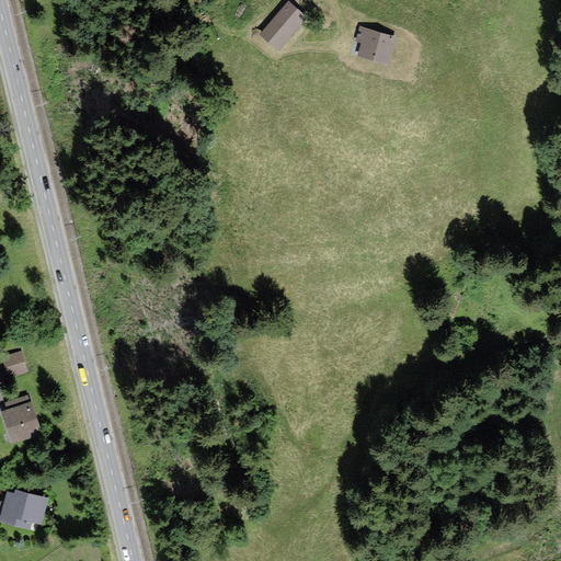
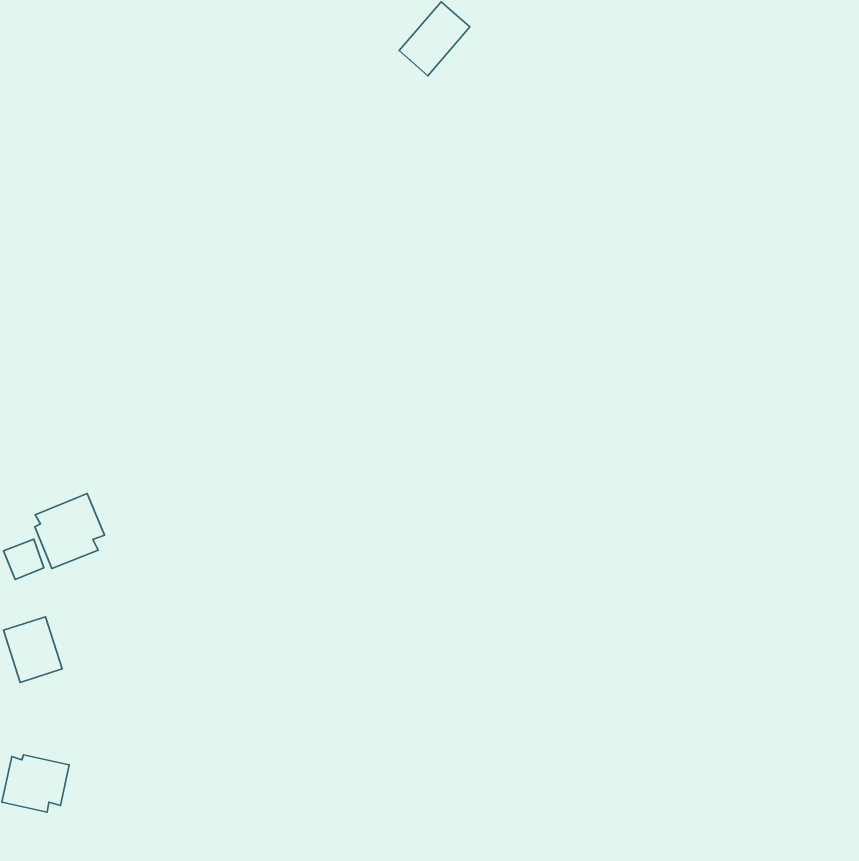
building: [356,27,397,65] -> none
building: none -> [35,493,105,569]

